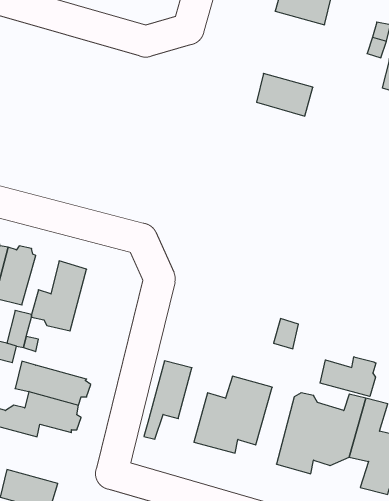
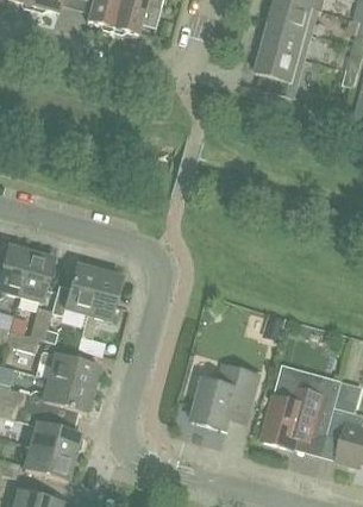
building: [257,73,313,116] -> [256,46,305,83]
building: [320,357,376,396] -> none
building: [144,361,192,439] -> [81,270,123,338]
building: none -> [30,420,83,456]

